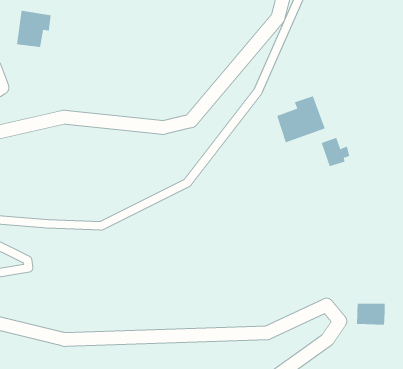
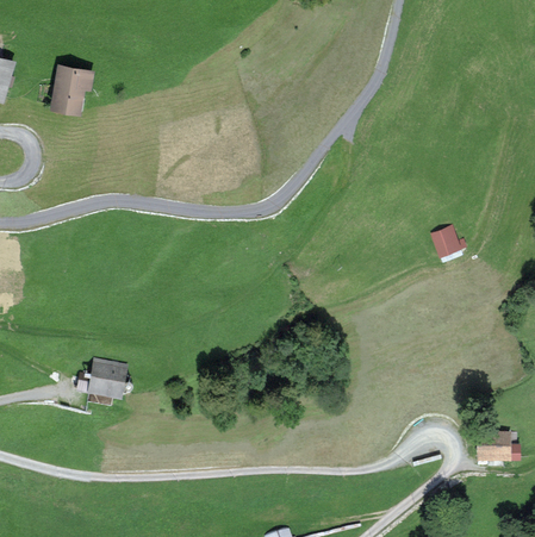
building: [277,95,326,143] -> none
building: none -> [75,361,127,396]

